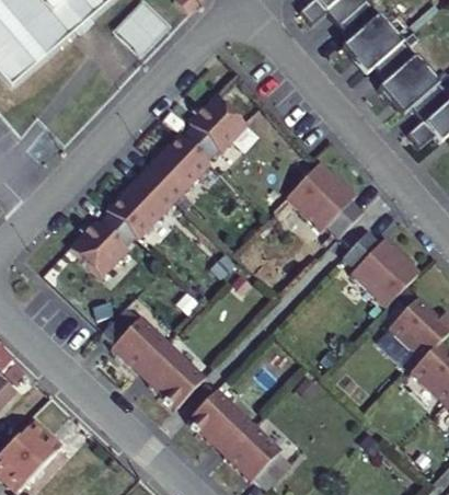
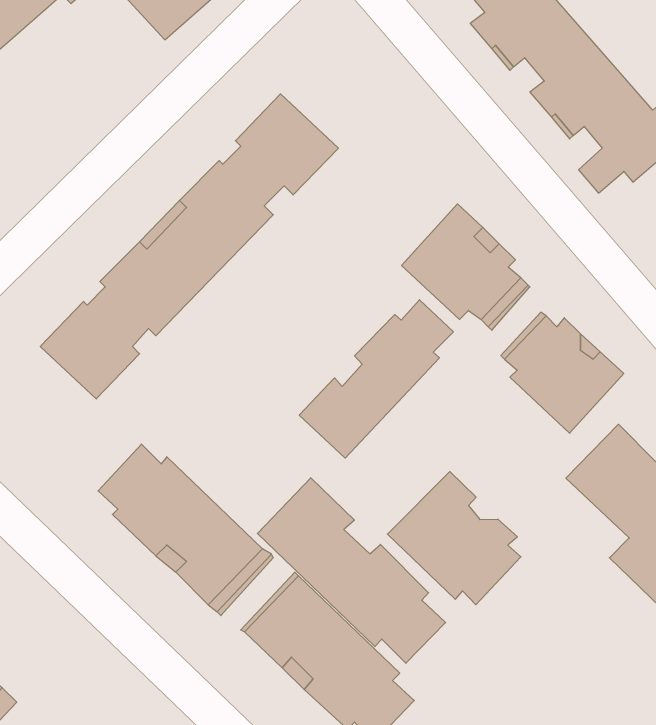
building: none -> [299,300,453,458]
building: none -> [387,472,521,605]
building: none -> [257,478,446,663]

